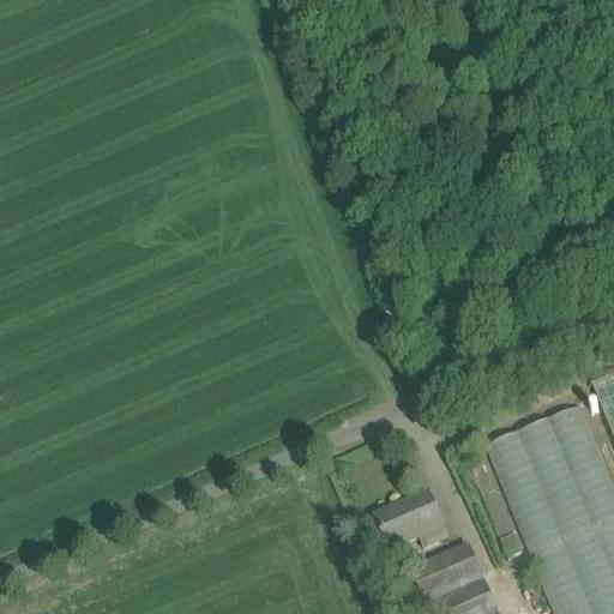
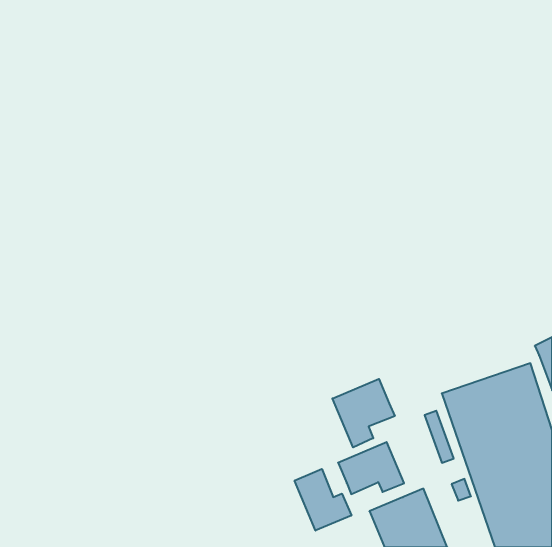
building: none -> [332,379,395,447]
building: none -> [295,469,351,531]

